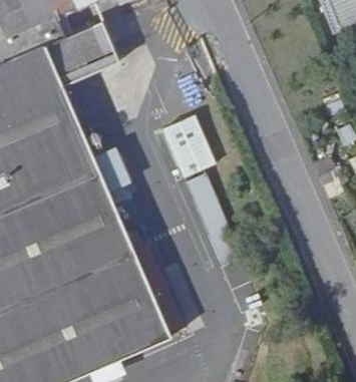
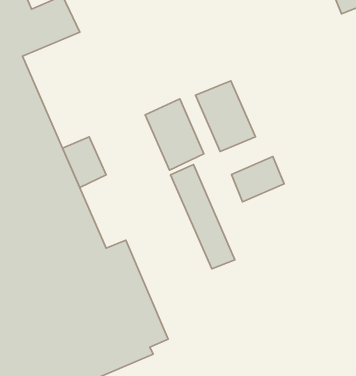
building: none -> [196,81,256,152]
building: none -> [231,156,284,202]

